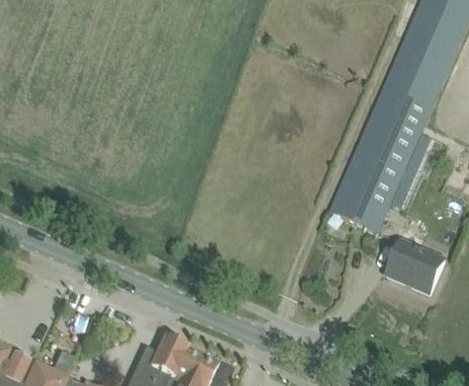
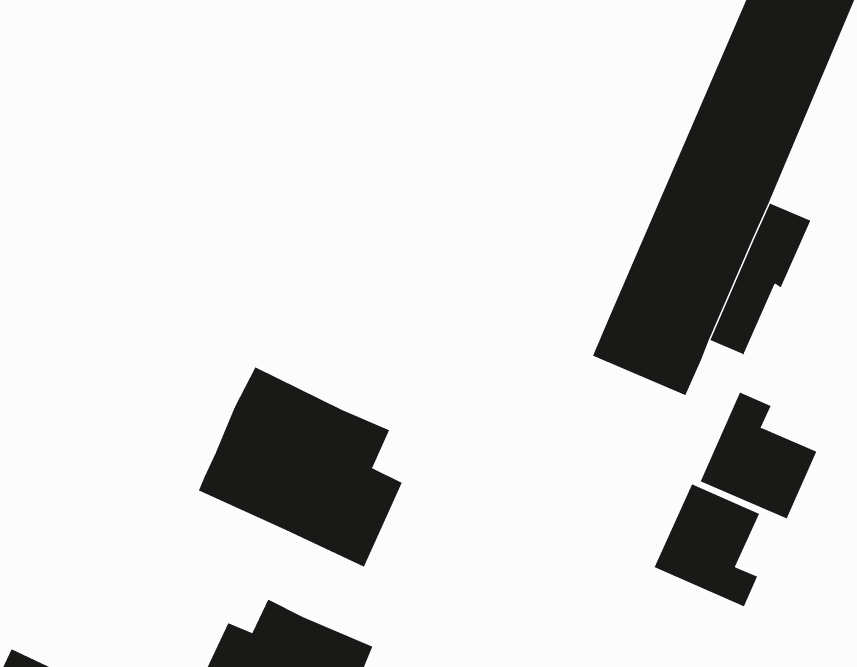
building: none -> [198,367,402,568]
building: none -> [654,483,760,607]

